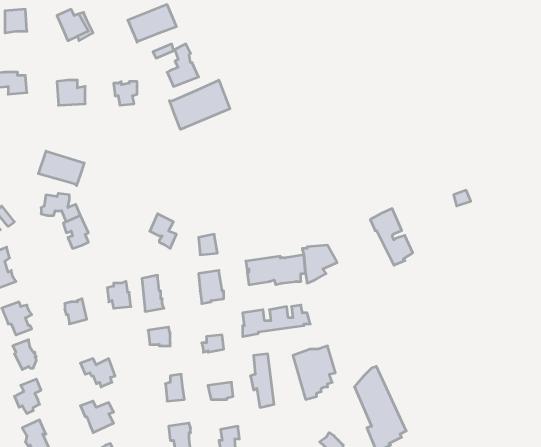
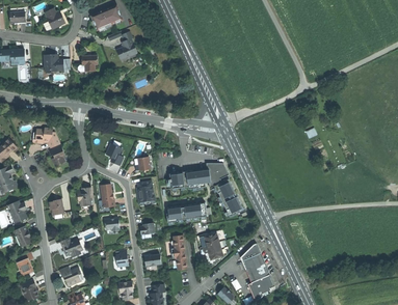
building: [169,80,230,129] -> none
building: [38,151,84,186] -> none
building: [370,209,413,265] -> [214,178,242,216]

